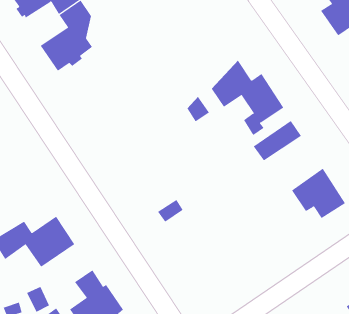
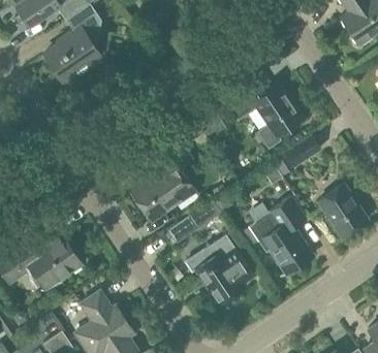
building: none -> [130,137,192,221]
building: none -> [248,197,313,275]
building: none -> [186,235,254,306]

